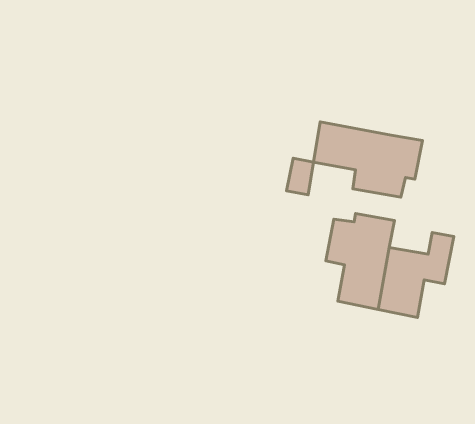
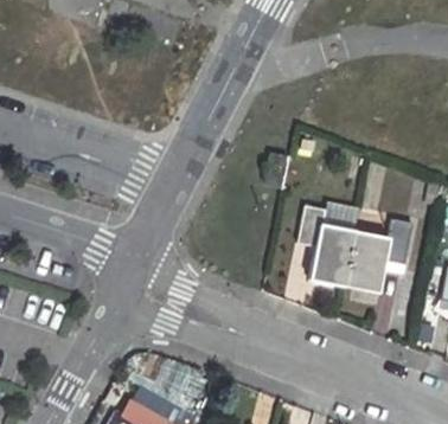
building: [314,122,422,197] -> none

